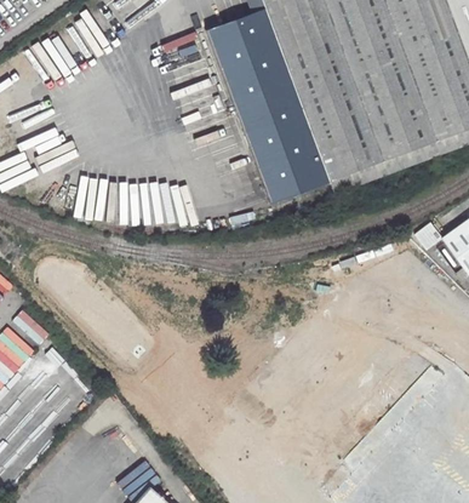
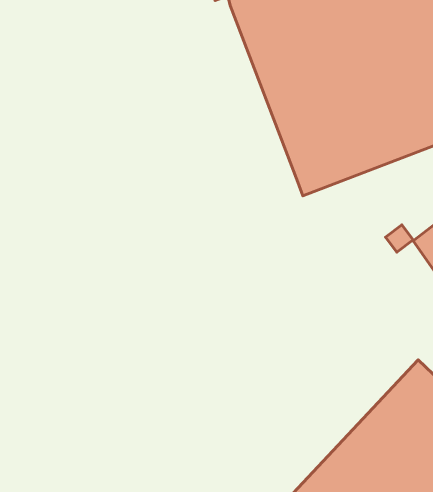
building: [207,8,330,201] -> none

